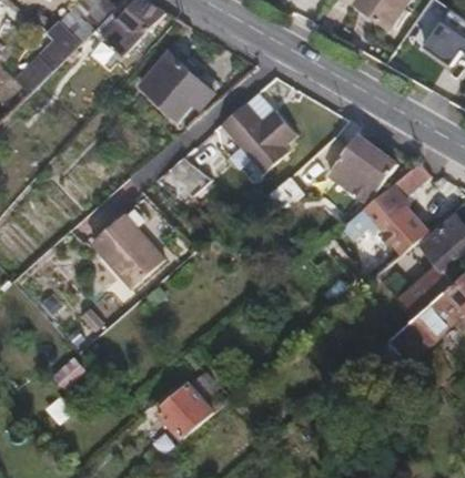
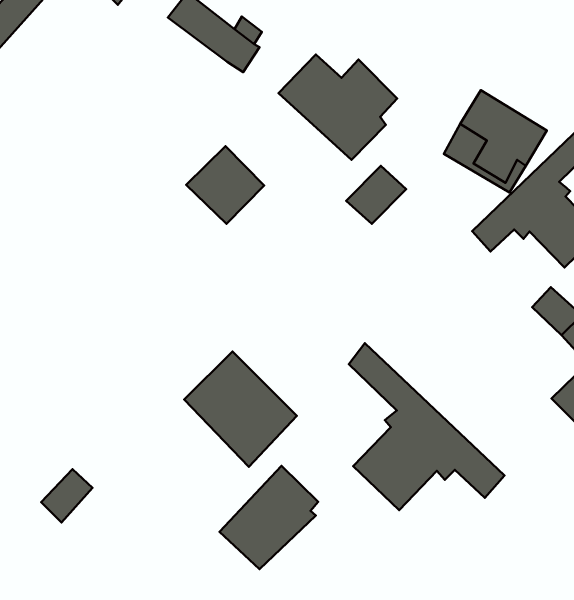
building: [138,69,190,118] -> none
building: [92,214,165,291] -> [184,352,297,467]
building: none -> [349,343,504,510]

